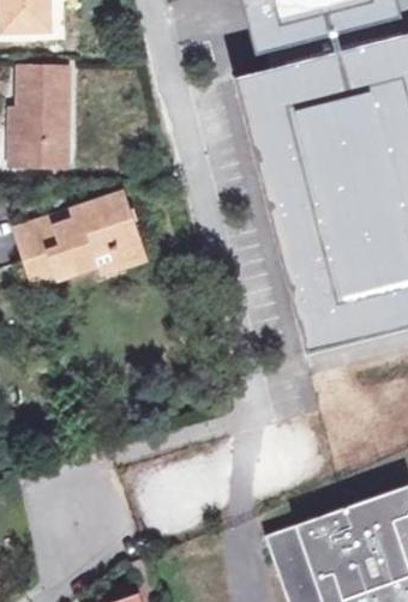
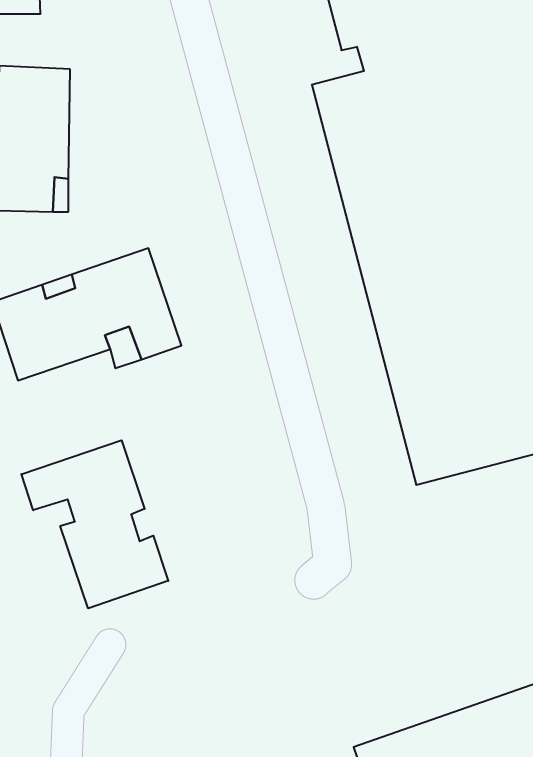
building: none -> [21,440,168,608]

